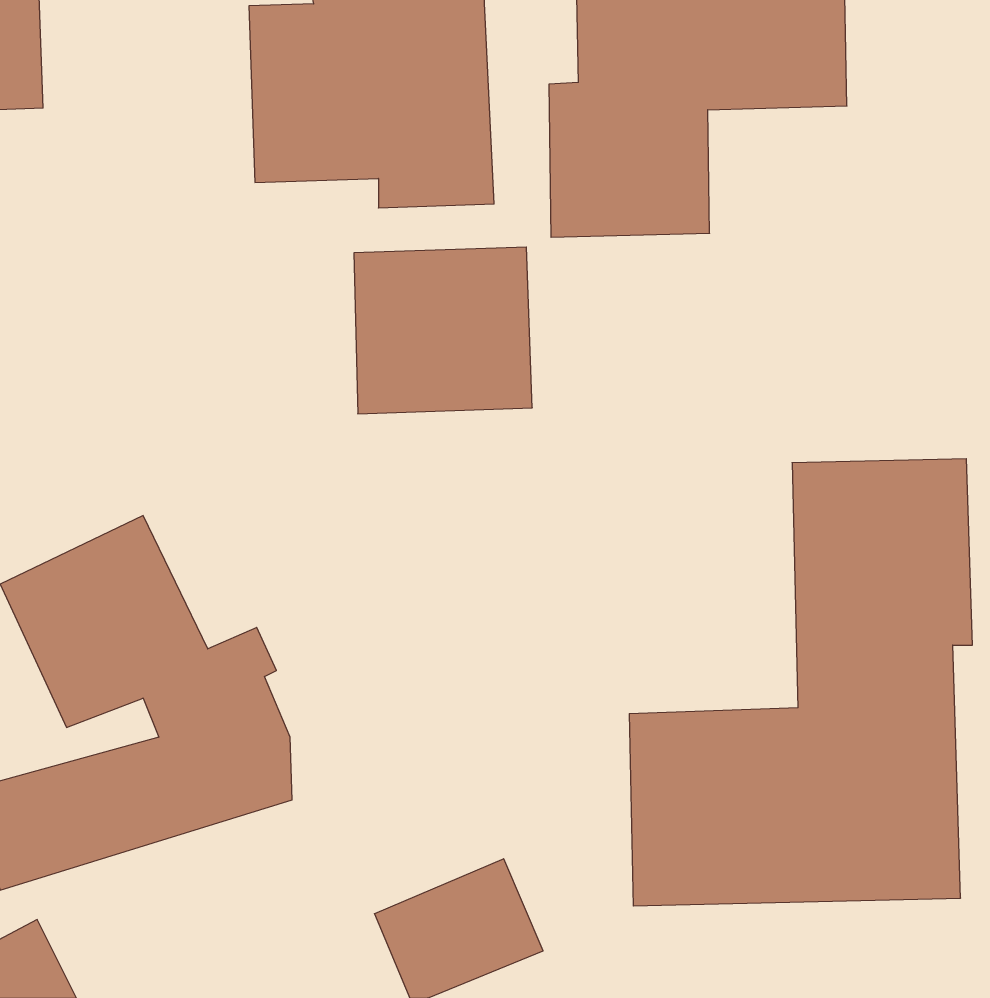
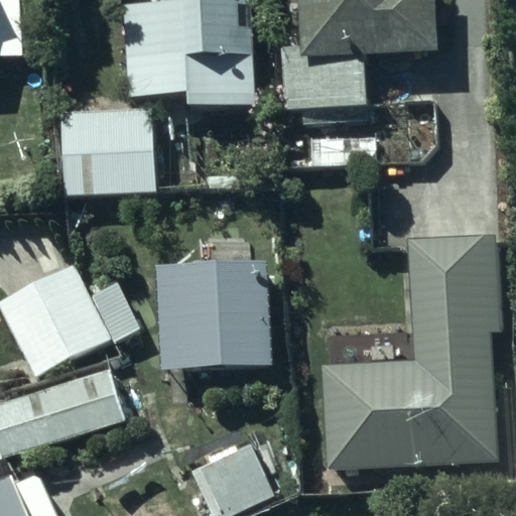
building: [354,247,532,414] -> [66,110,157,196]
building: none -> [158,262,268,366]

